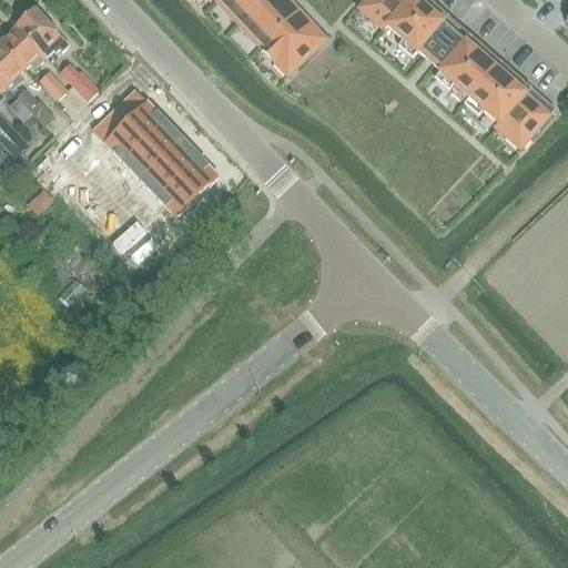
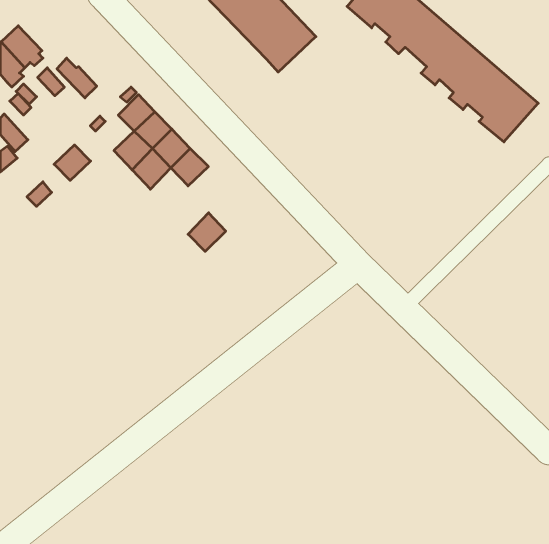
building: [19,10,62,52] -> none
building: [101,119,139,155] -> [54,145,91,180]
building: [155,173,194,213] -> [188,213,226,251]

